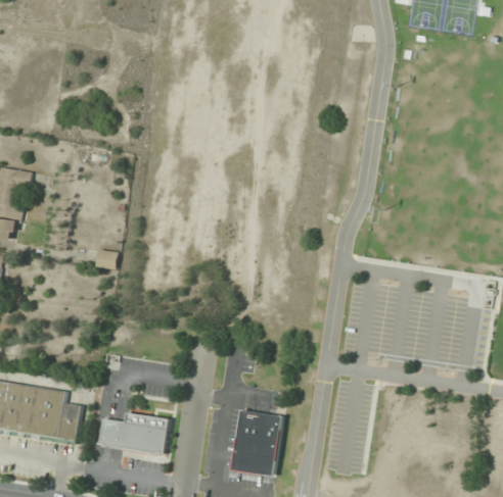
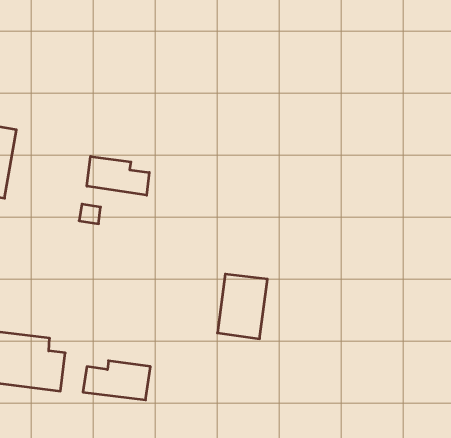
building: none -> [87,156,149,195]
building: [230,409,282,477] -> [217,274,267,339]

